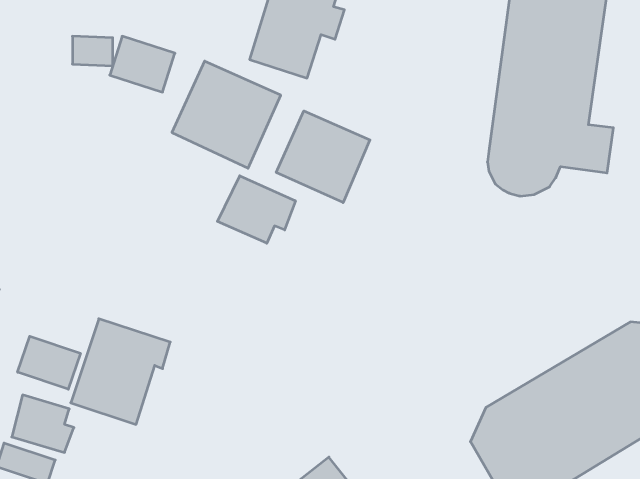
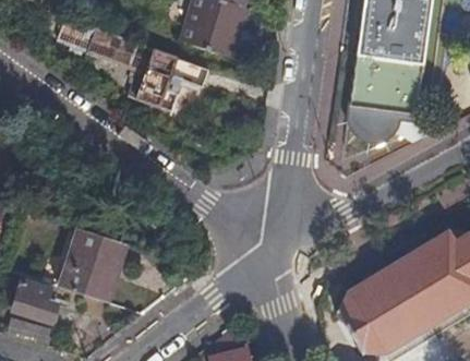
building: [276,111,370,203] -> none
building: [217,176,295,243] -> none
building: [18,336,80,389] -> none

